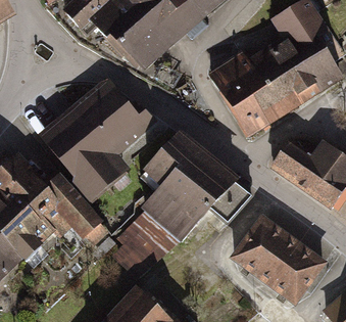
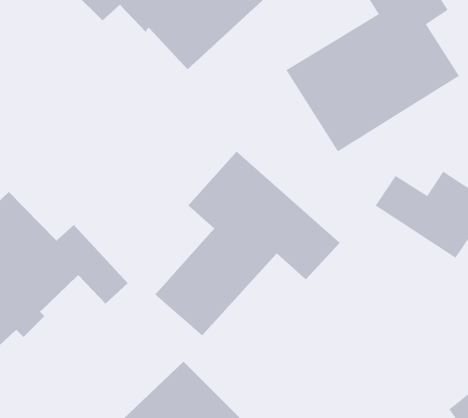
building: [46,84,155,202] -> none
building: [233,216,322,297] -> none

